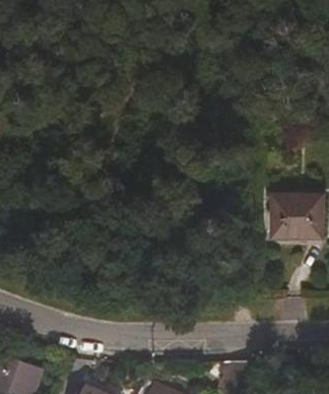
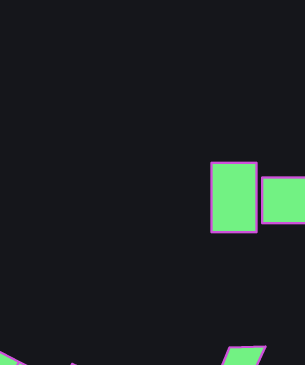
building: none -> [212,163,257,232]

